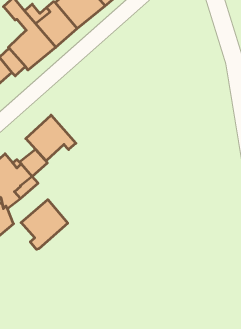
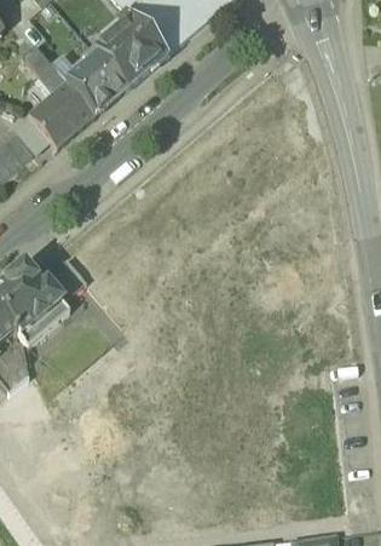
building: [26,115,76,161] -> none
building: [21,200,68,249] -> none

